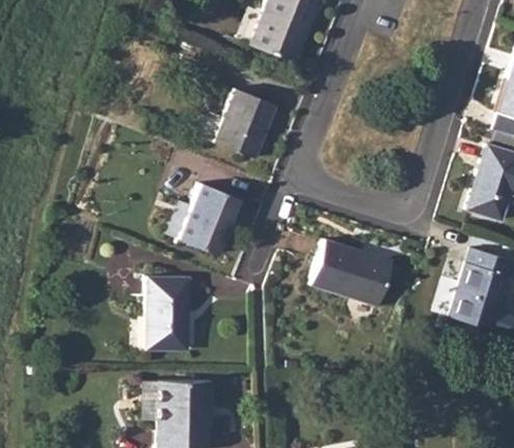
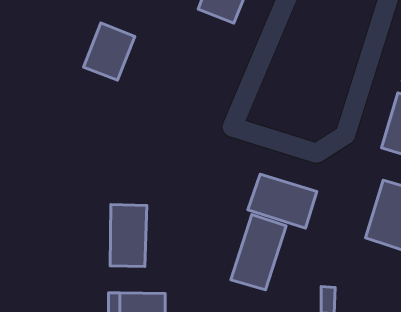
building: [214,90,275,158] -> [83,23,135,80]
building: [180,185,240,255] -> none
building: none -> [231,214,286,290]

